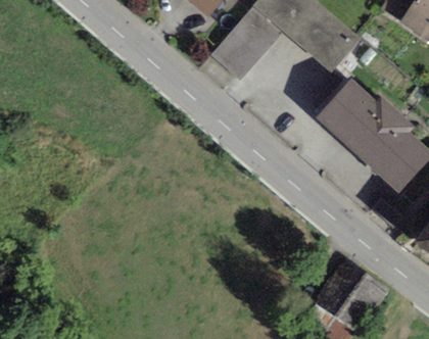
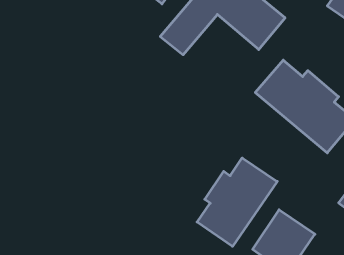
building: none -> [197,158,277,246]

